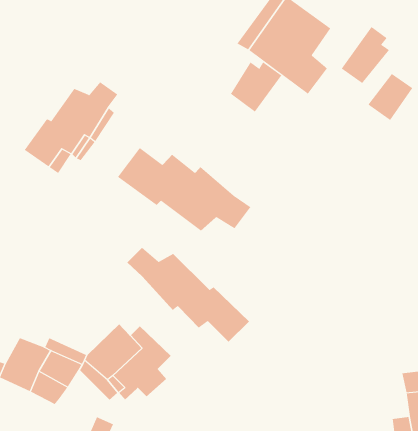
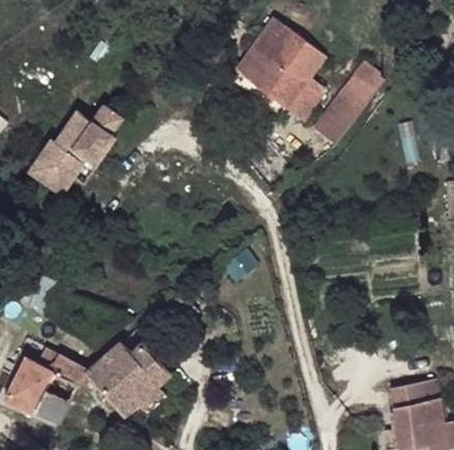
building: [230,61,282,113] -> none
building: [368,73,413,121] -> [311,95,355,141]
building: [117,147,251,231] -> none
building: [127,247,250,342] -> none

